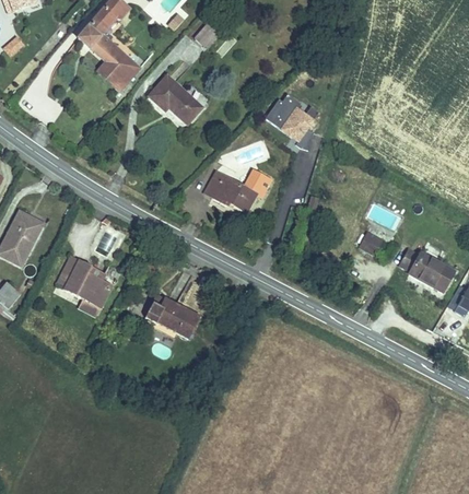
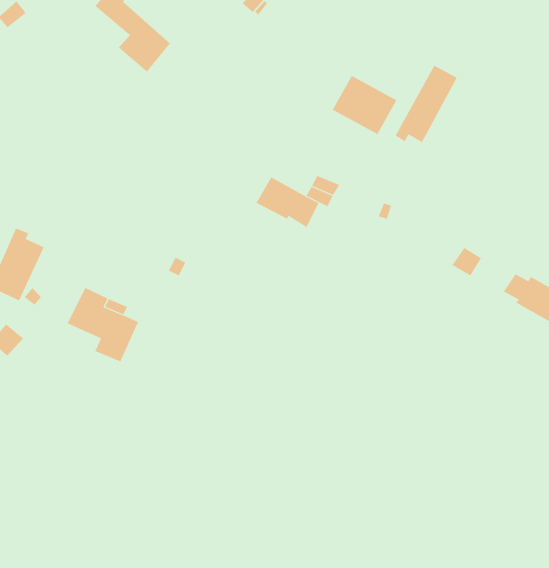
building: [149,74,201,122] -> none
building: none -> [395,65,458,143]
building: [153,298,198,334] -> none

